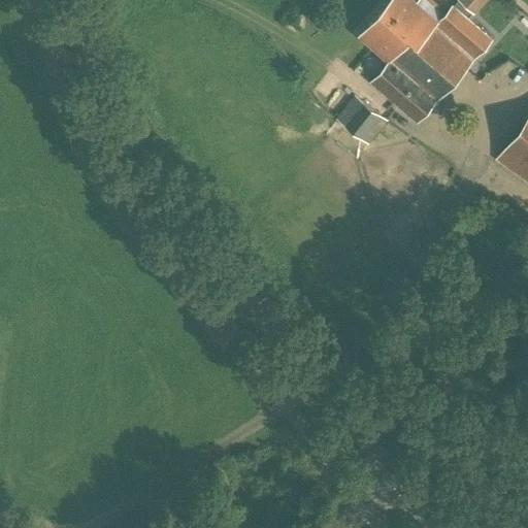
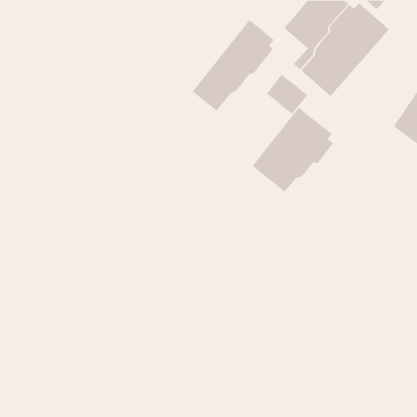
building: none -> [192,19,275,112]
building: none -> [252,107,334,193]

